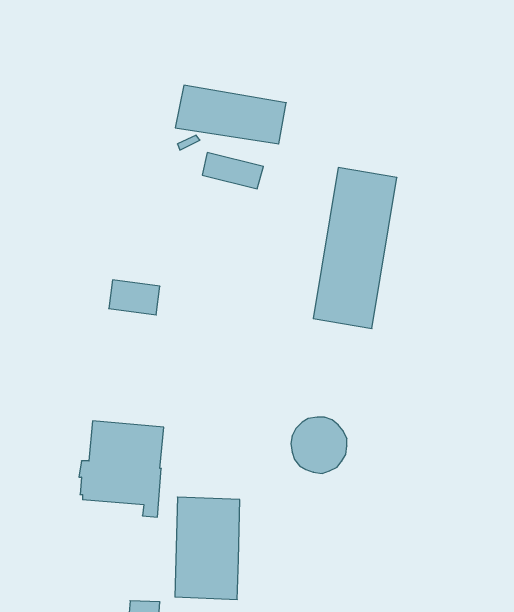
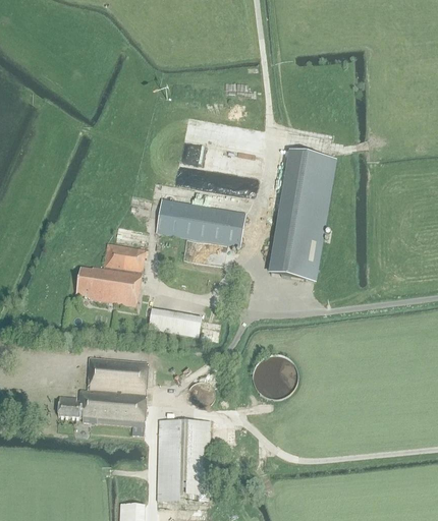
building: [175,85,286,144] -> [154,197,244,245]
building: none -> [75,266,141,305]
building: none -> [145,306,200,334]
building: none -> [57,395,79,416]

